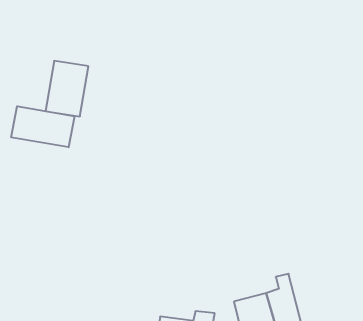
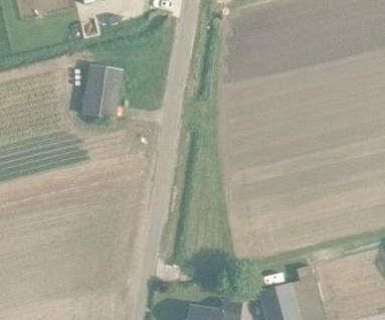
building: [11,106,74,147] -> none

